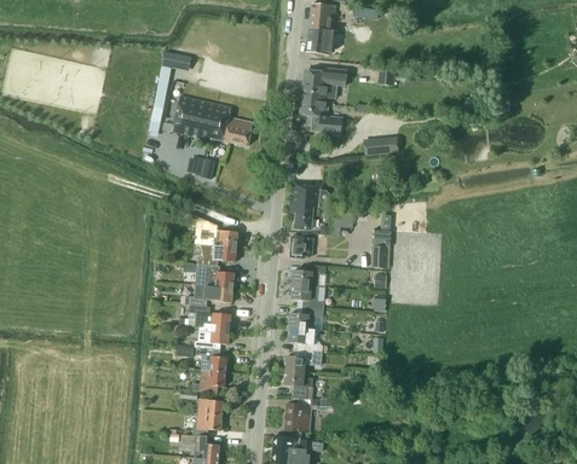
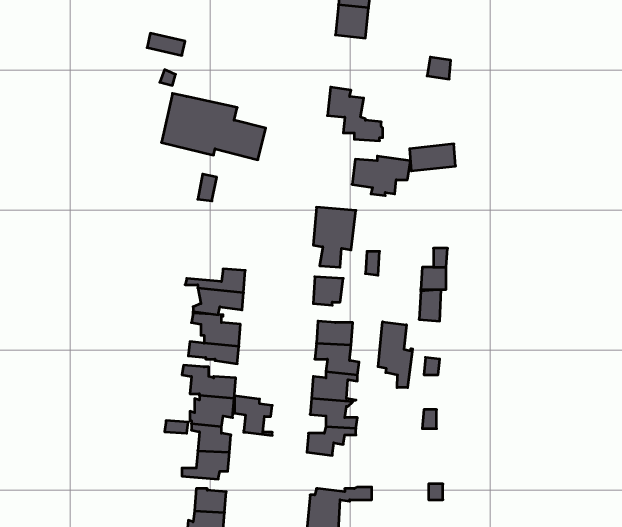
building: [302,69,347,99] -> [352,156,411,196]
building: none -> [378,322,413,388]
building: [284,370,313,400] -> [234,396,272,435]

